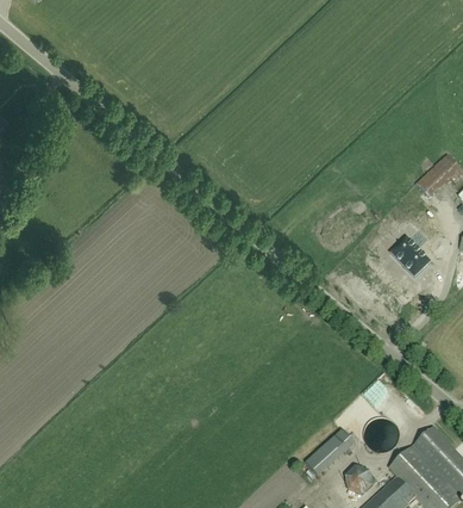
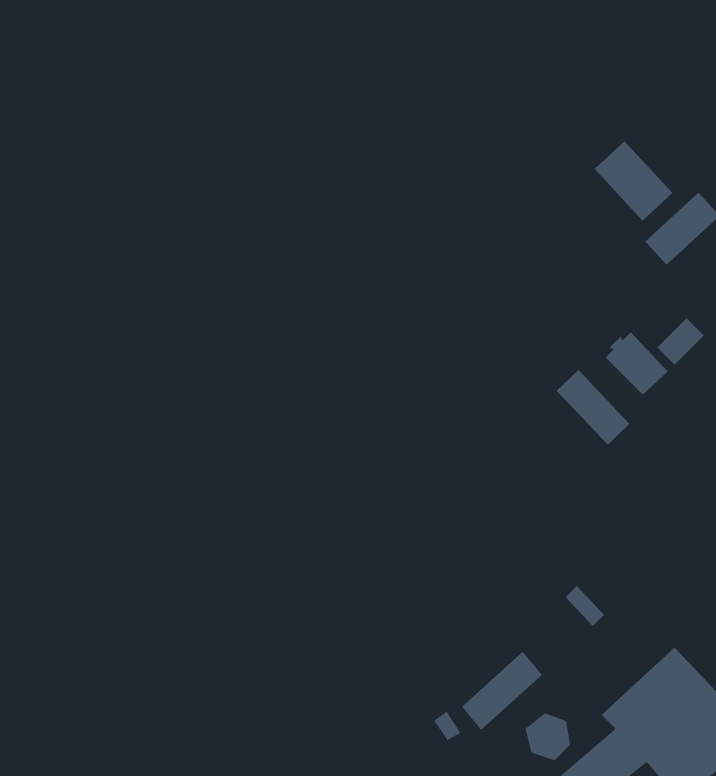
building: none -> [594,140,673,221]
building: none -> [556,369,630,445]

